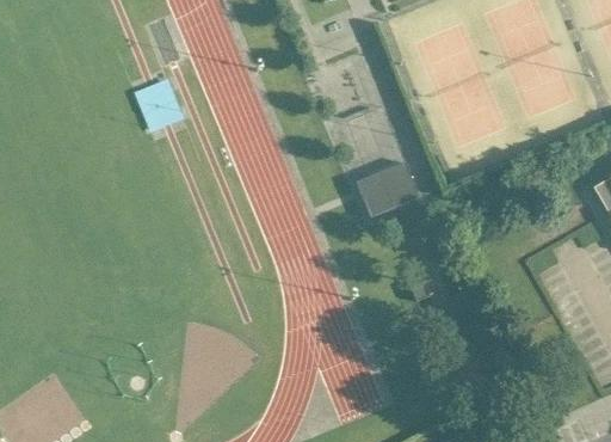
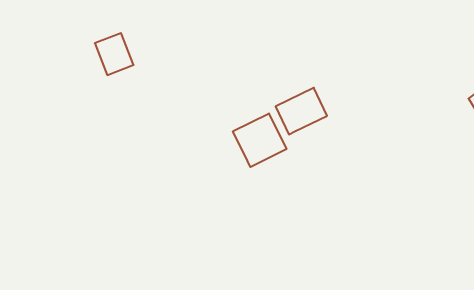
building: none -> [233,113,286,167]

